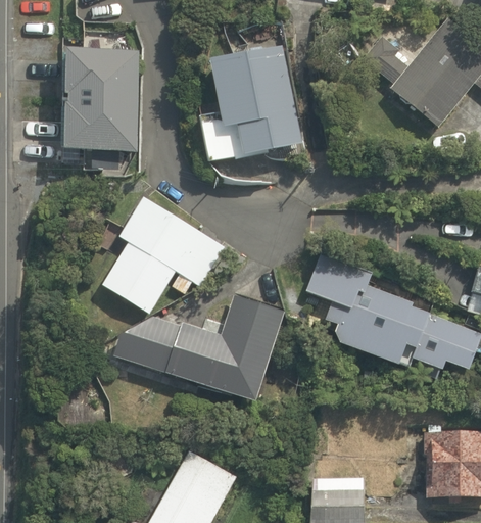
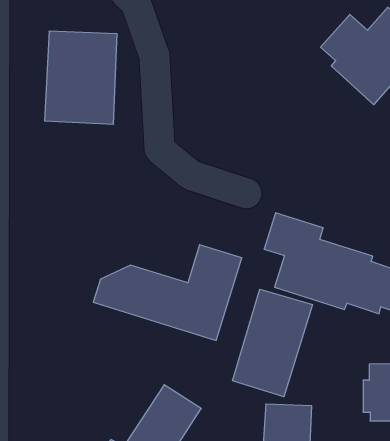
building: [196,47,299,160] -> none
building: [94,195,232,315] -> none
building: none -> [232,289,312,397]

